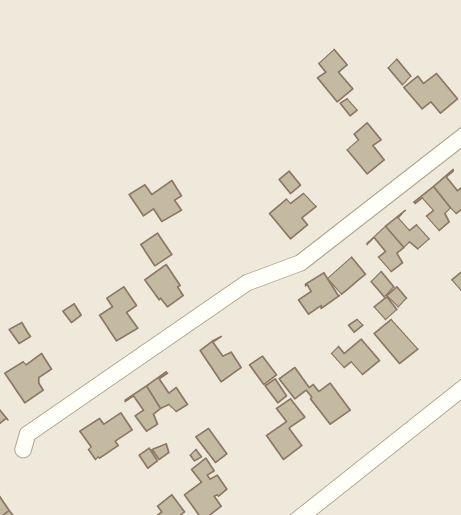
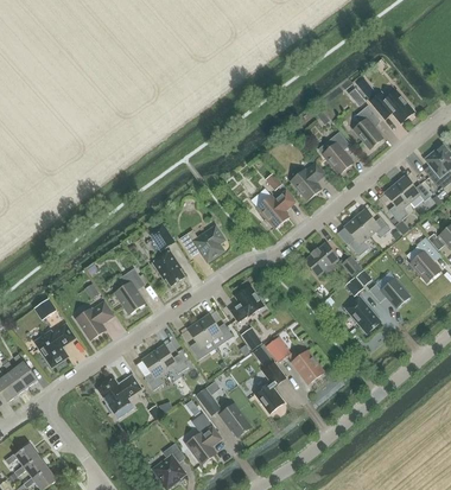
building: [317,49,353,102] -> [352,104,382,148]
building: none -> [290,161,325,201]
building: [129,180,182,221] -> [179,225,223,260]
building: [299,273,340,314] -> [229,286,263,320]
building: none -> [76,300,114,339]
building: [331,339,380,375] -> [369,278,409,307]
building: none -> [188,322,216,358]
building: none -> [218,402,252,437]

